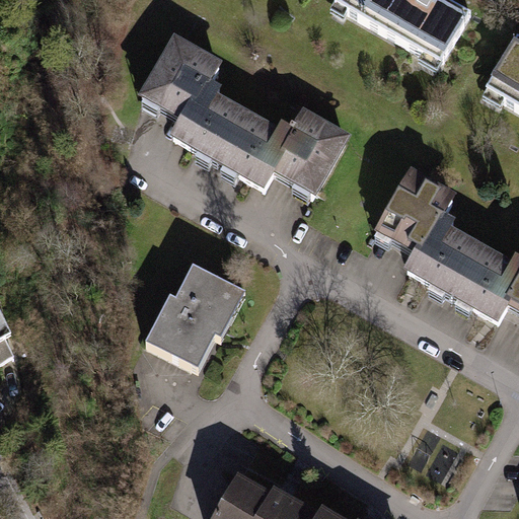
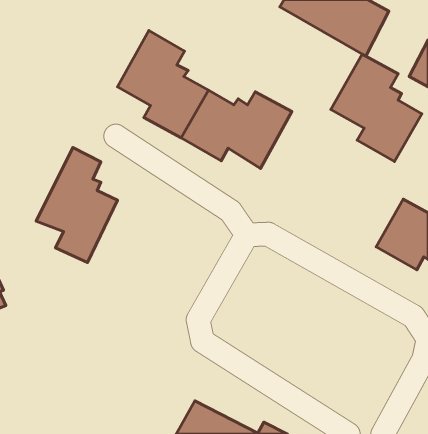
building: [372,166,480,294] -> [331,54,422,161]
building: none -> [36,147,118,263]
building: [150,257,249,370] -> none

